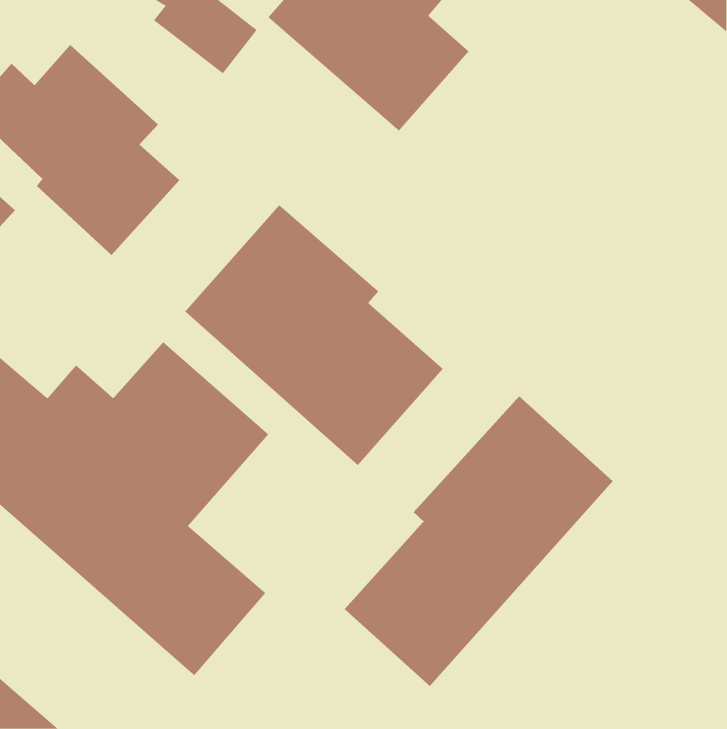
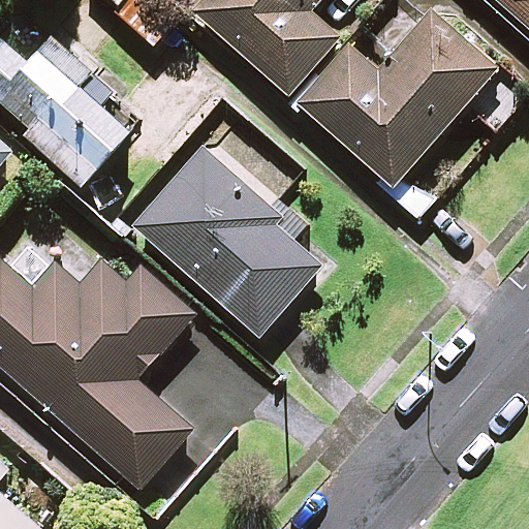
building: none -> [297,11,496,187]
building: [344,395,614,687] -> none

